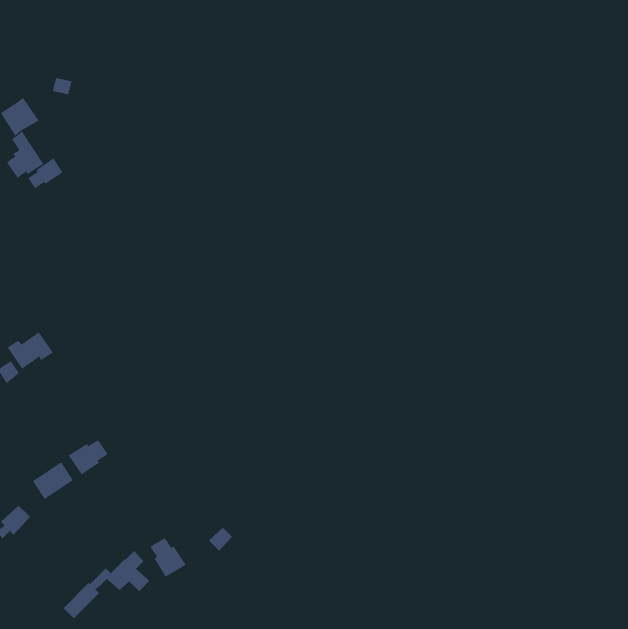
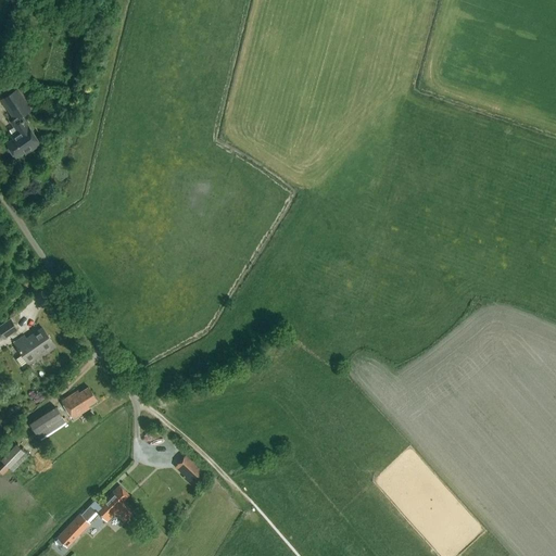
building: [28,157,63,189] -> none
building: [7,331,54,370] -> [13,329,54,363]
building: [150,537,186,577] -> none

